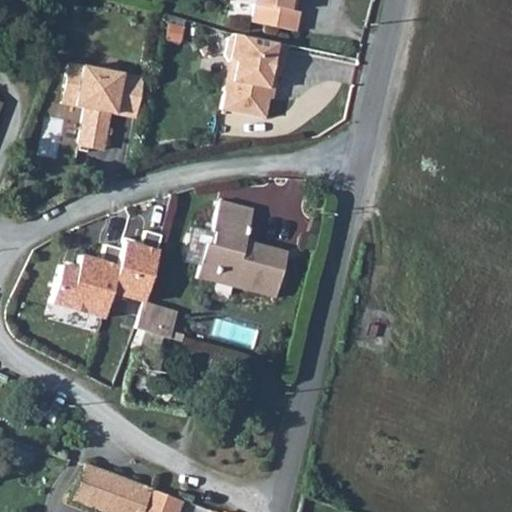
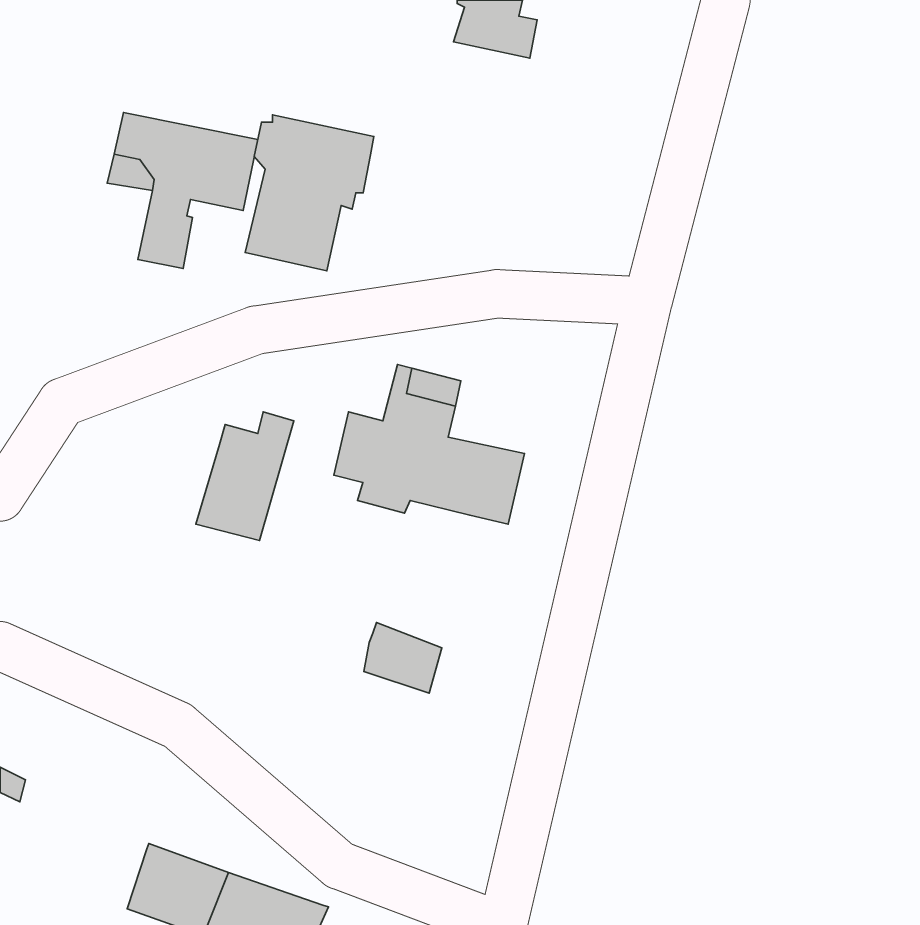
building: [218,32,289,118] -> [245,115,374,271]
building: [52,242,125,315] -> none
building: [140,299,183,338] -> [364,622,442,693]

